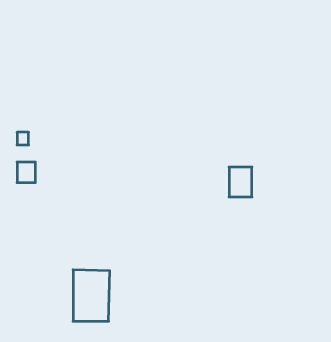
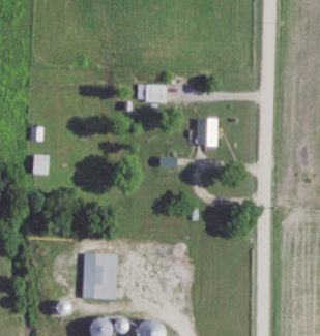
building: none -> [138,85,168,101]
building: [229,167,252,197] -> [197,118,217,145]

